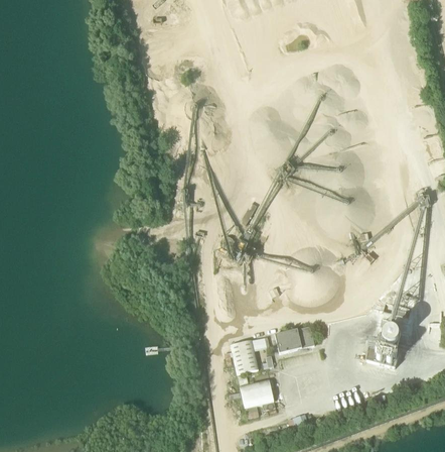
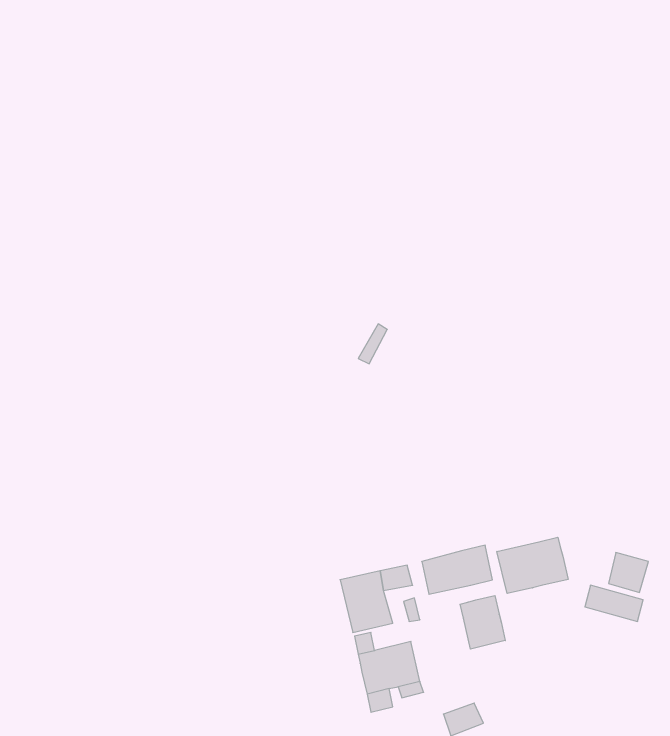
building: none -> [497,537,568,593]
building: none -> [460,596,505,649]

